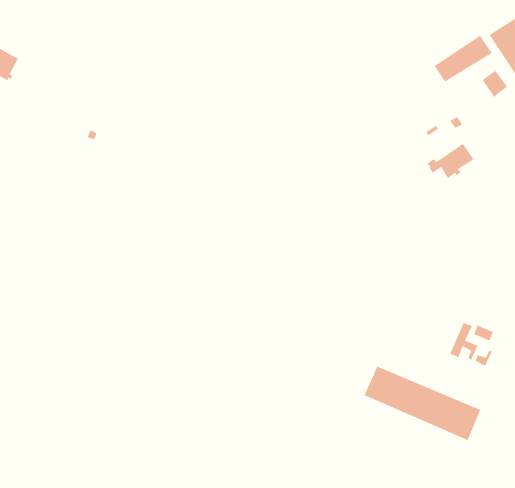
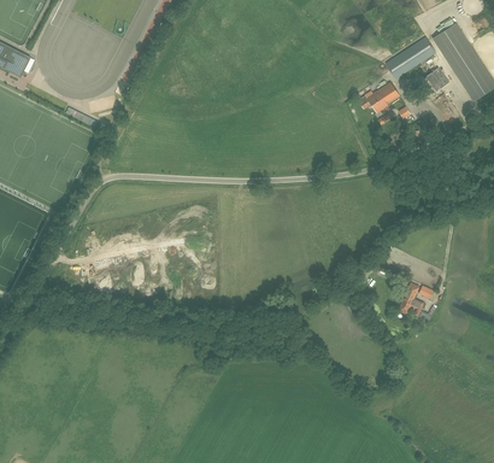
building: [427,143,474,179] -> [358,81,399,112]
building: [364,366,481,441] -> none

